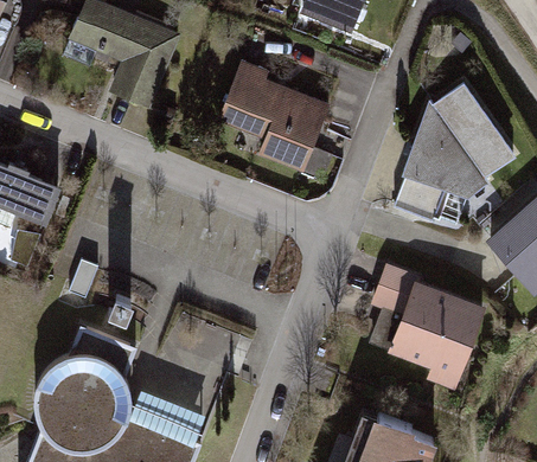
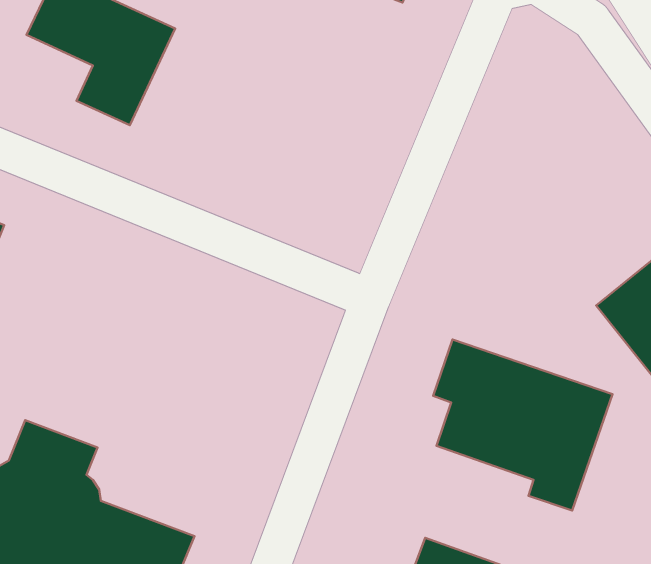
building: [223,66,334,174] -> none
building: [385,86,506,222] -> none

